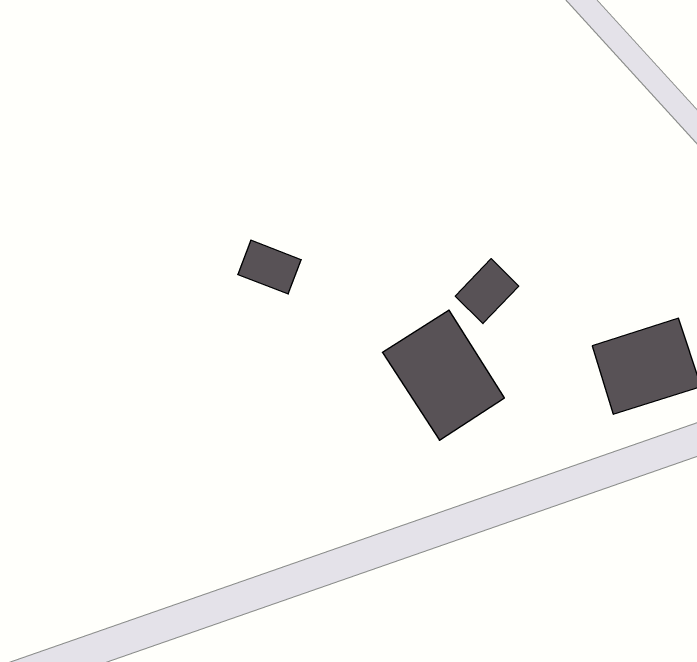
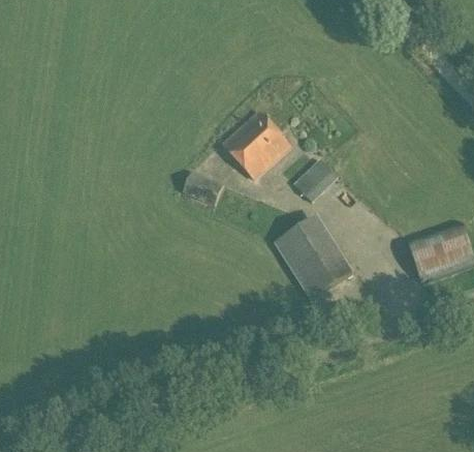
building: none -> [222,111,290,179]
building: [455,259,519,324] -> [295,160,336,202]

